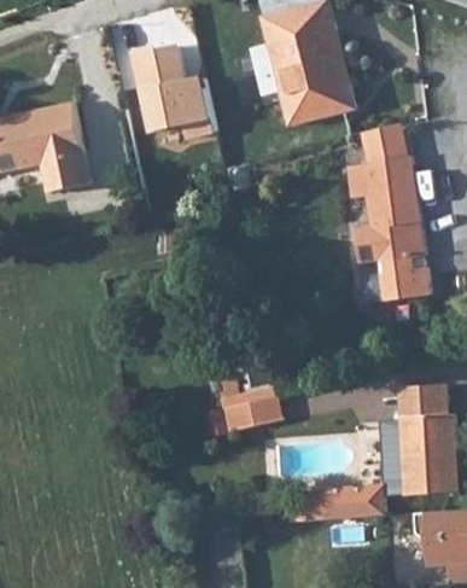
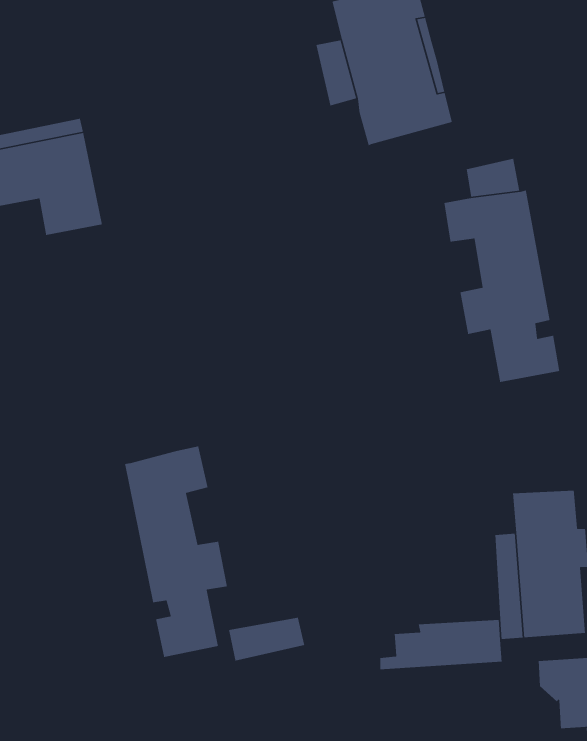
building: [128,42,214,141] -> none
building: none -> [124,446,228,658]
building: [224,396,282,430] -> [228,617,305,661]

